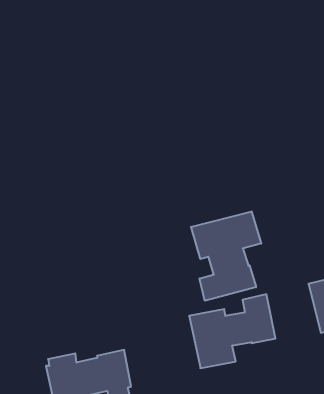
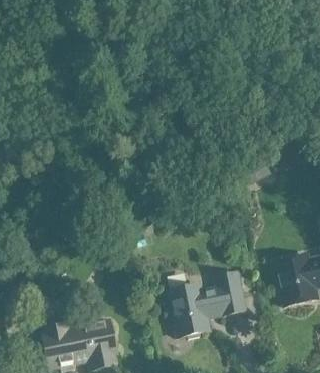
building: [191,211,261,301] -> none

